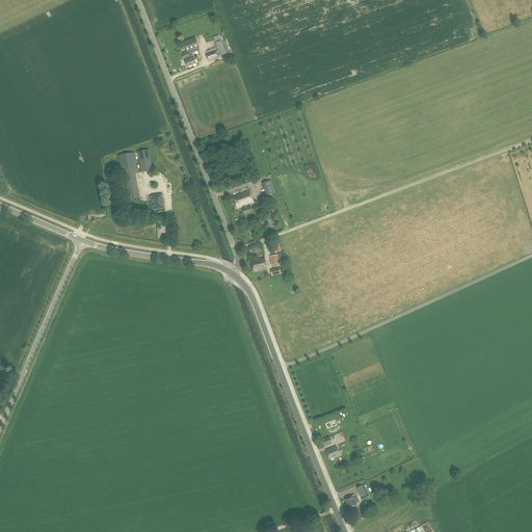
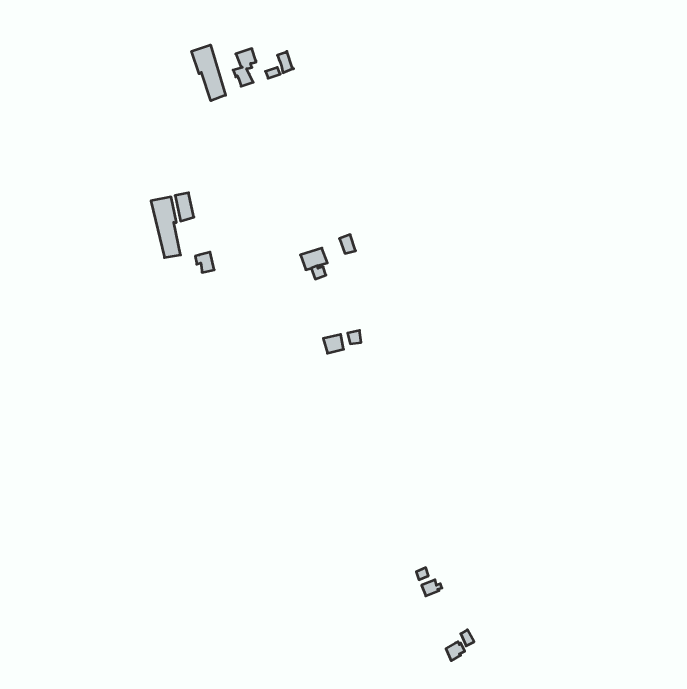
building: none -> [192,45,226,101]

